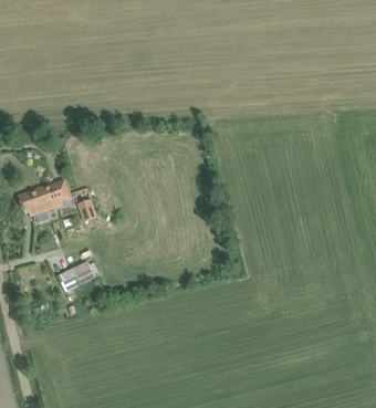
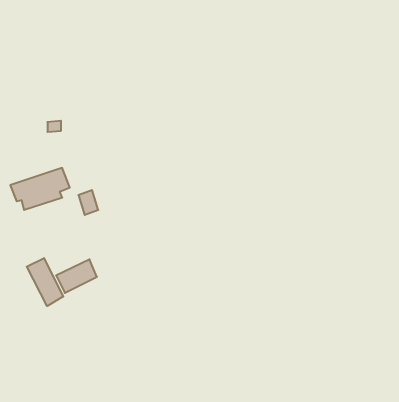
building: none -> [27,258,63,306]

